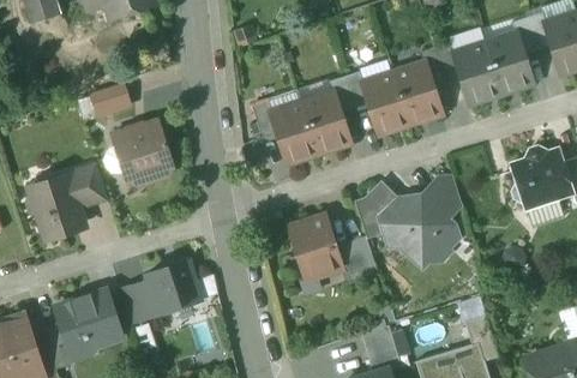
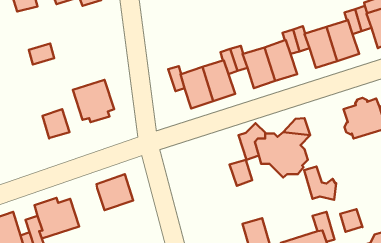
building: [91,83,128,114] -> [29,43,54,65]
building: [28,174,84,239] -> none
building: [290,216,341,278] -> none
building: none -> [304,167,336,200]
building: [121,281,158,322] -> none
building: none -> [340,209,362,232]

